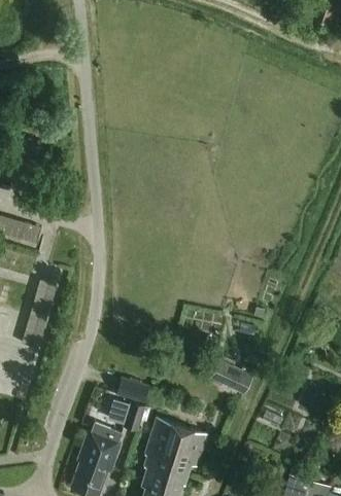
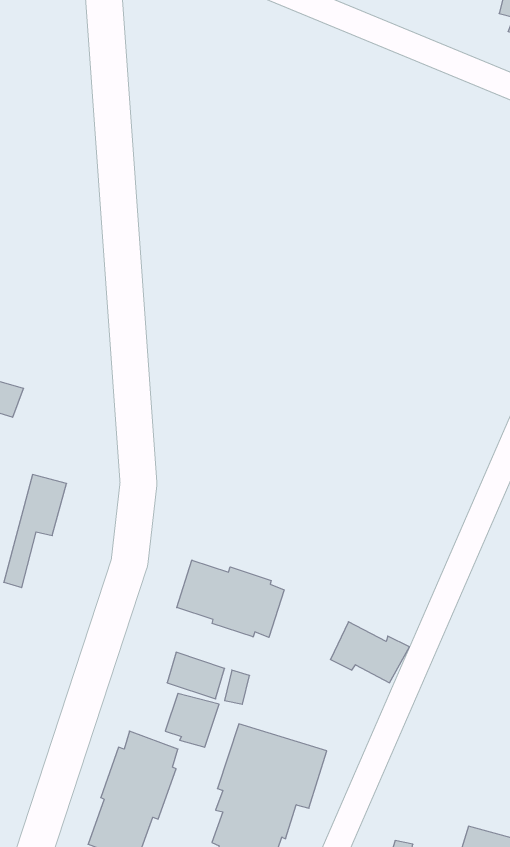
building: none -> [177,560,284,637]

